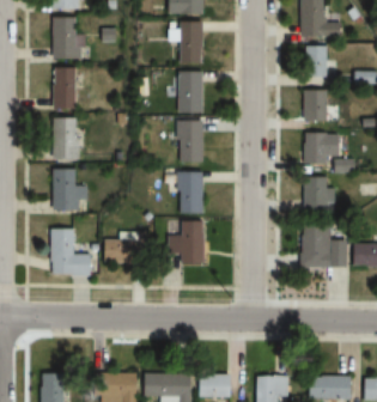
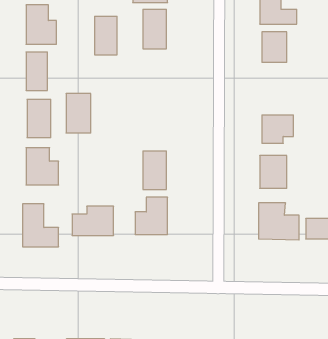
building: [180,72,203,112] -> [95,16,117,55]
building: [305,90,329,122] -> none
building: [177,121,203,163] -> [66,94,91,133]

